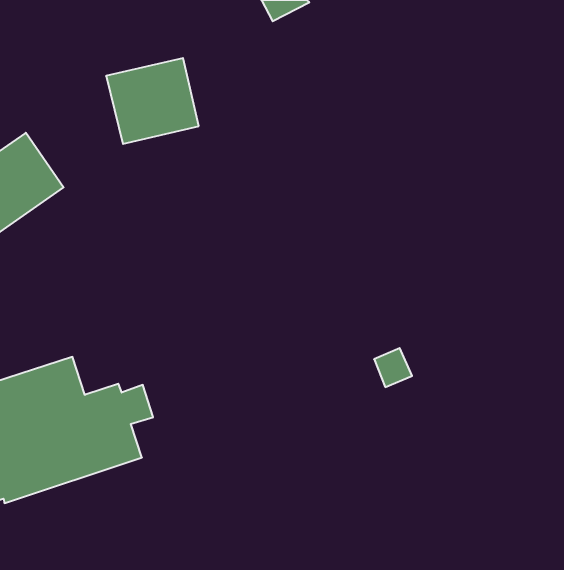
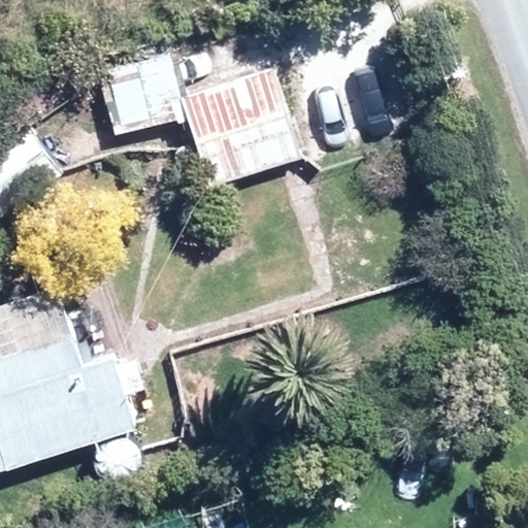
building: none -> [182,70,300,187]

